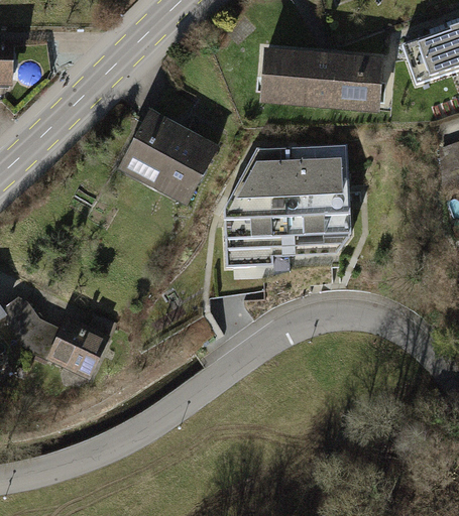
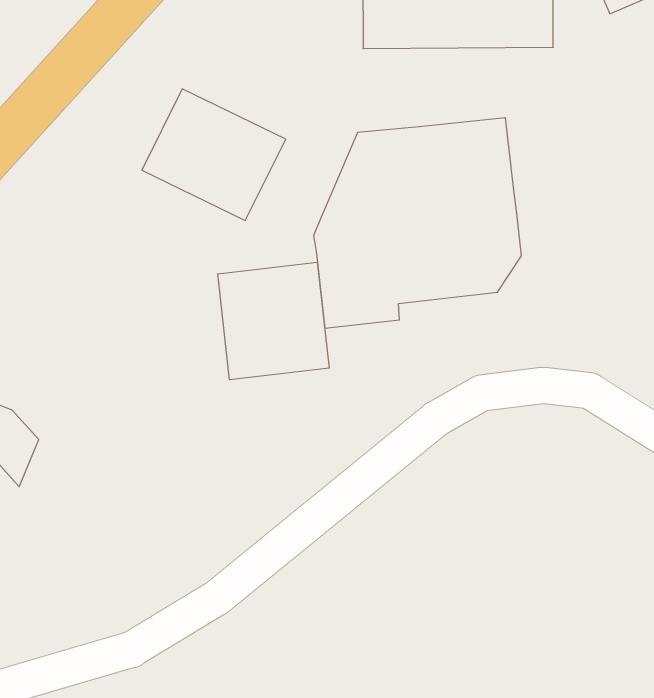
building: none -> [218,262,329,380]
building: [31,320,106,375] -> none

